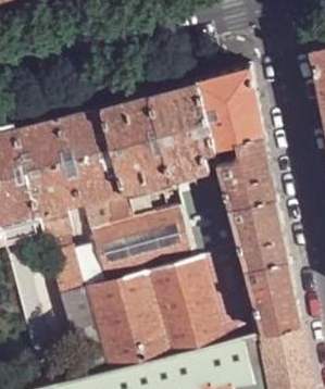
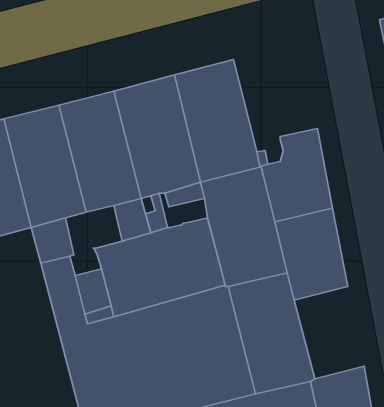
building: [197,71,263,153] -> none
building: [245,264,300,337] -> none

